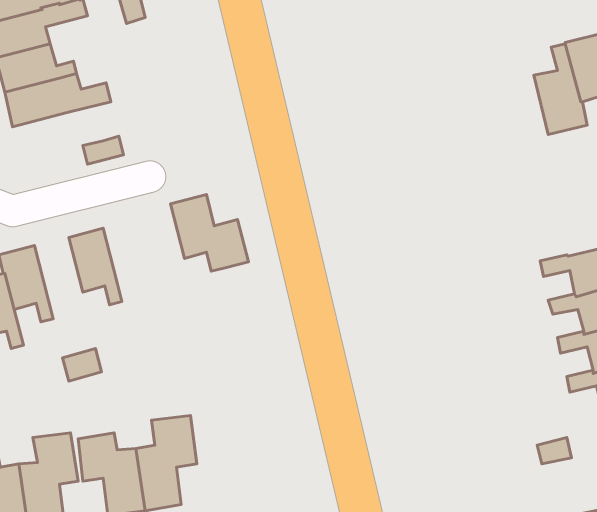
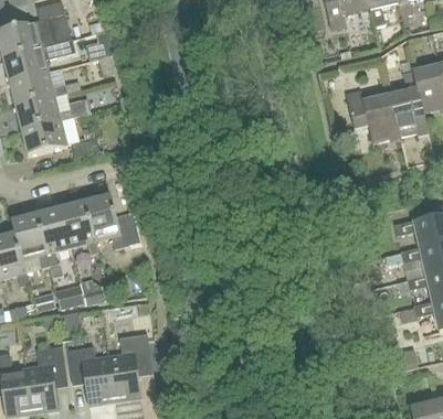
building: none -> [345,89,400,141]
building: none -> [21,119,66,154]
building: [170,195,249,271] -> [85,194,140,248]
building: none -> [36,207,71,265]

